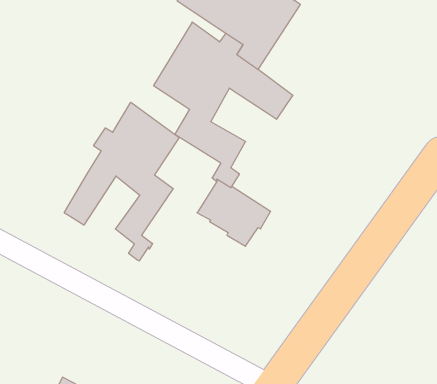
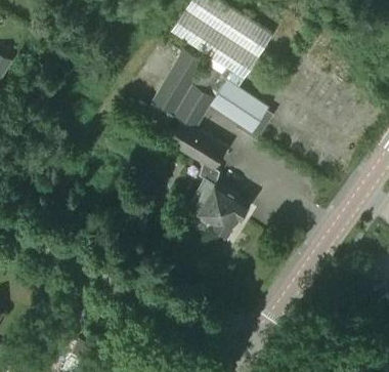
building: [64,102,179,261] -> none

